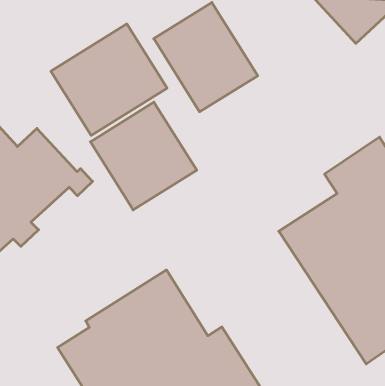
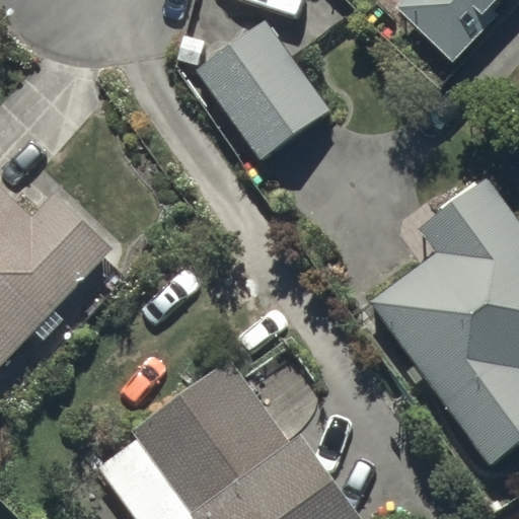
building: [51,24,167,135] -> none
building: [90,102,197,210] -> none

